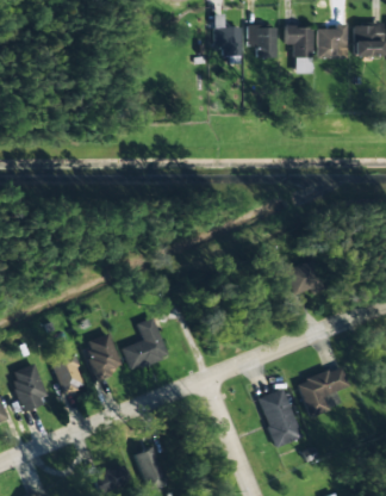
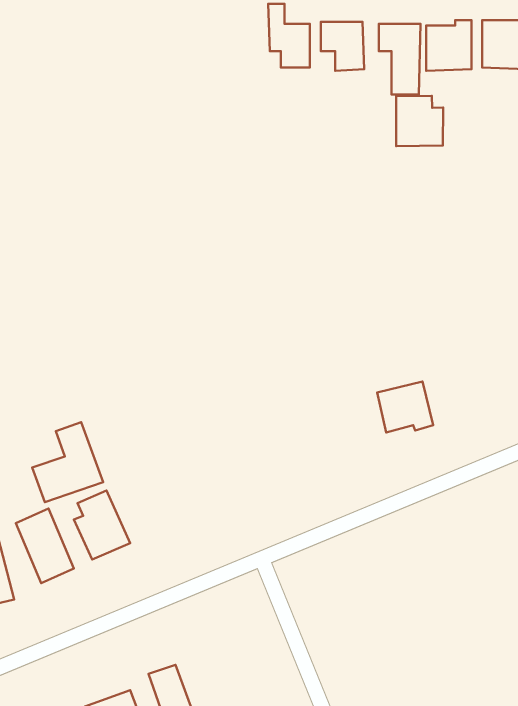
building: none -> [396,96,443,146]
building: [122,318,168,371] -> [32,422,103,502]
building: [297,367,349,416] -> none
building: [257,389,301,448] -> none

